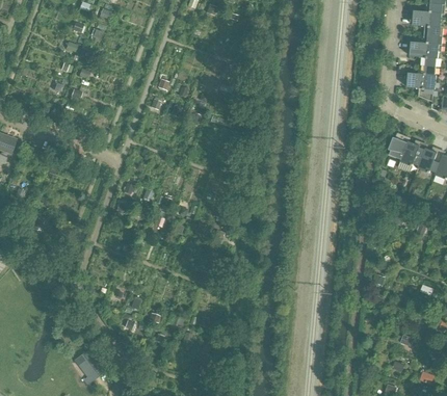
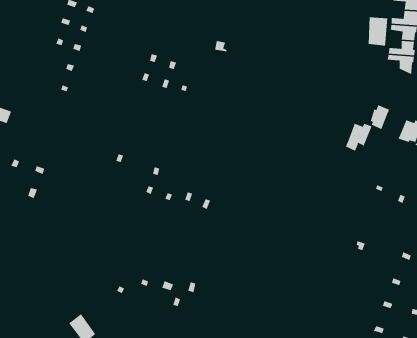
building: none -> [368,16,388,47]
building: [397,140,426,171] -> [345,122,373,152]

